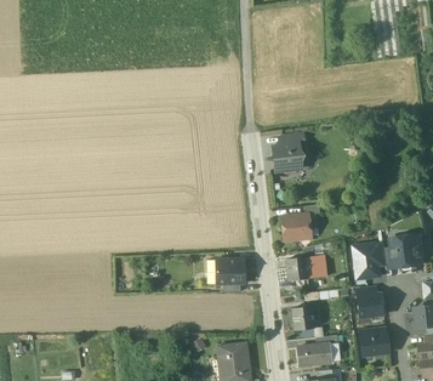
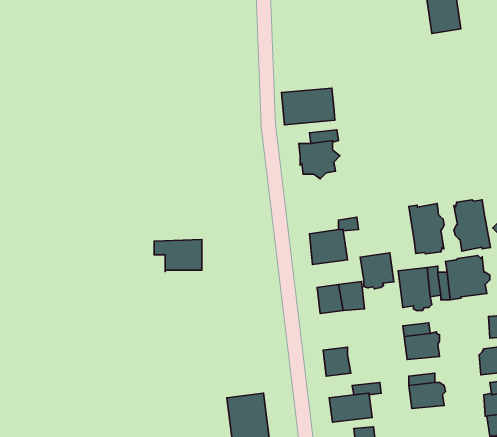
building: none -> [281,88,335,125]
building: none -> [454,200,490,251]
building: none -> [409,203,444,254]
building: none -> [360,253,394,289]
building: [206,258,244,284] -> [154,239,202,272]

